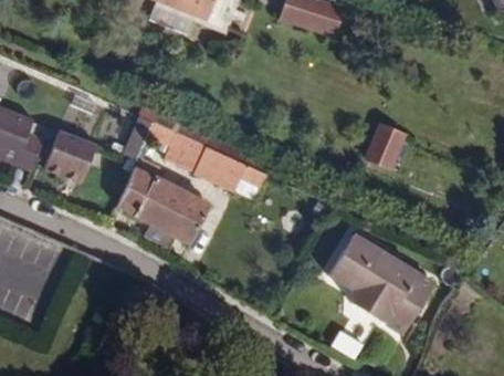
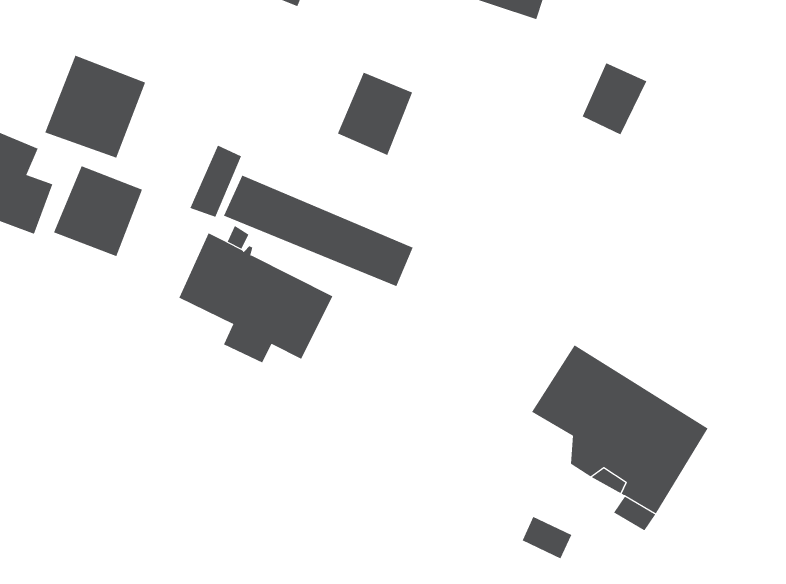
building: none -> [44,55,146,159]
building: none -> [337,72,413,156]
building: [369,123,408,166] -> [582,62,647,135]

